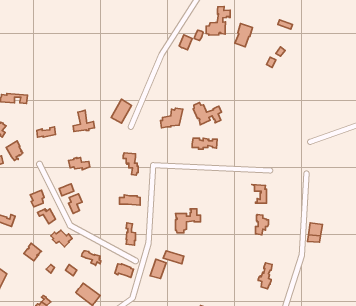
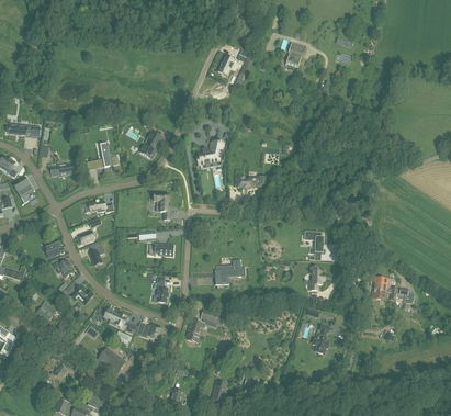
building: [206,6,230,35] -> none
building: [193,102,222,125] -> none

